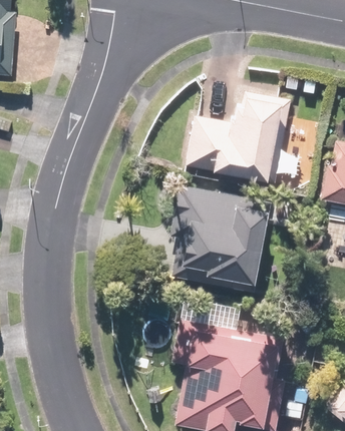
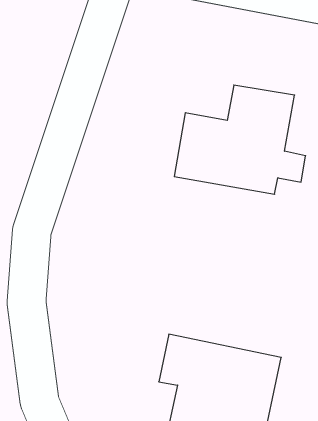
building: [168,188,271,294] -> none

